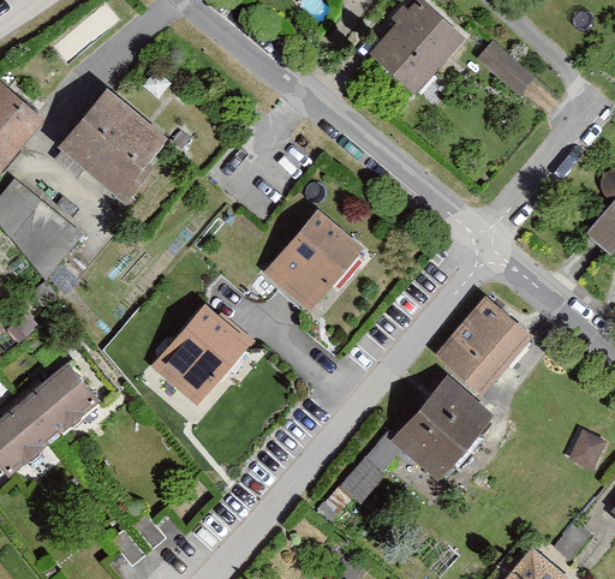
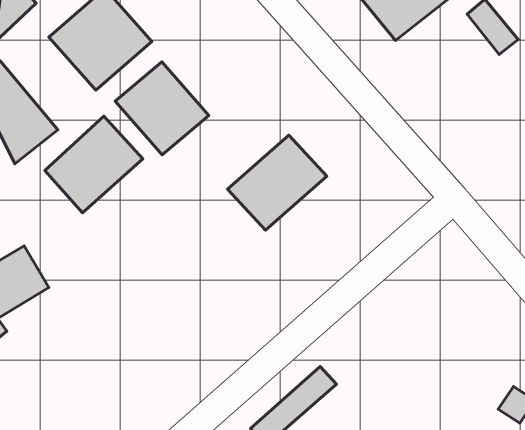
building: none -> [115,62,209,155]
building: [436,297,532,393] -> none
building: [153,305,250,406] -> [45,116,143,213]
building: [393,377,491,477] -> none

